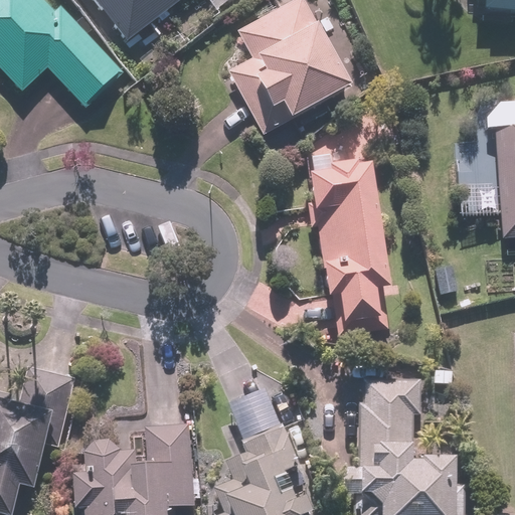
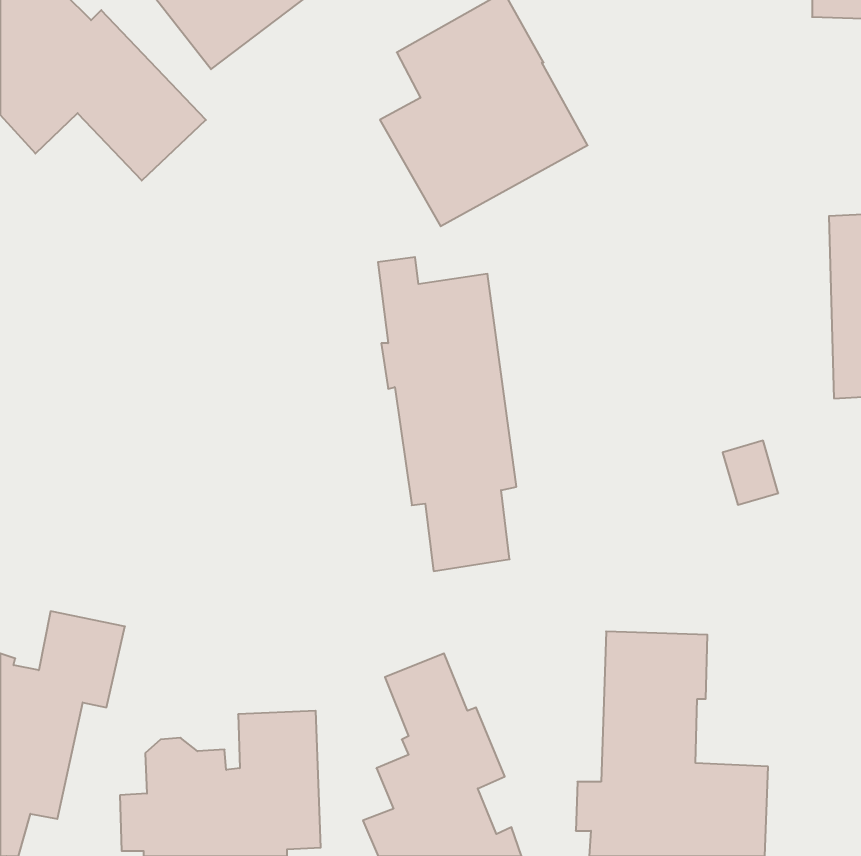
building: [307,152,389,339] -> [378,257,516,571]

